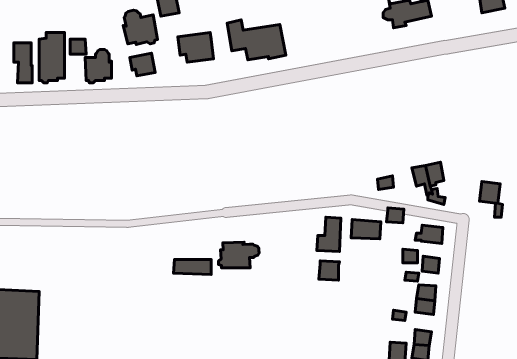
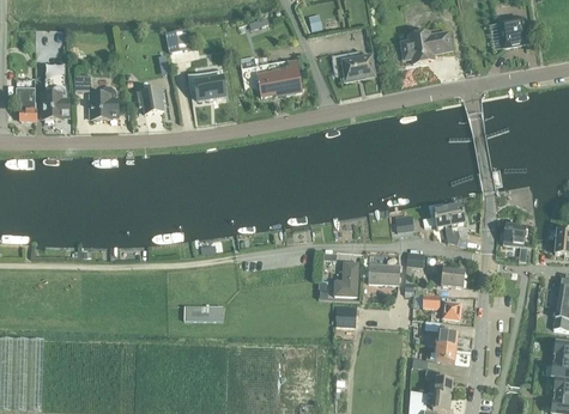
building: [123,10,158,44] -> none
building: none -> [331,51,374,83]
building: [218,242,259,268] -> none

